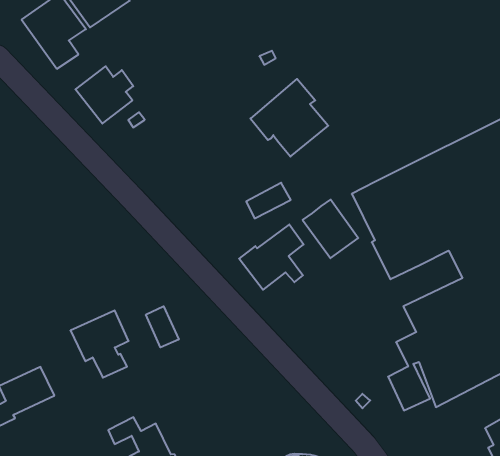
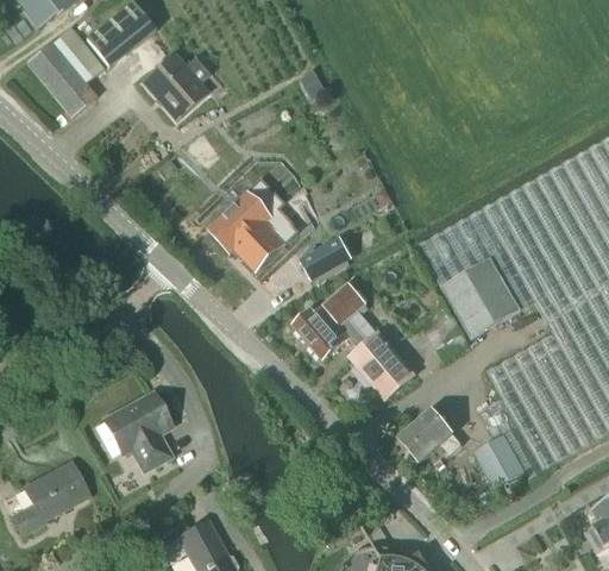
building: [75,66,133,124] -> [143,54,209,120]
building: [250,79,328,157] -> [208,181,299,271]
building: [303,200,358,258] -> [349,332,414,400]
building: [146,306,179,347] -> none
building: none -> [400,403,462,462]

